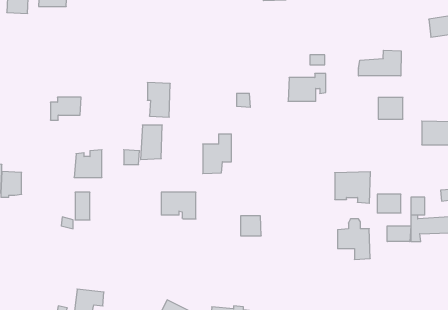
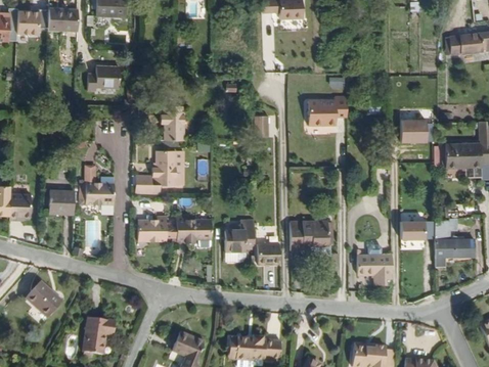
building: [359,50,401,76] -> none
building: [50,97,81,120] -> [88,67,120,91]
building: [203,134,231,174] -> [224,222,254,263]
building: none -> [49,194,76,217]
building: [335,172,370,203] -> [291,225,327,258]
building: none -> [138,215,176,239]
building: [387,226,411,242] -> none
building: none -> [27,280,63,315]

